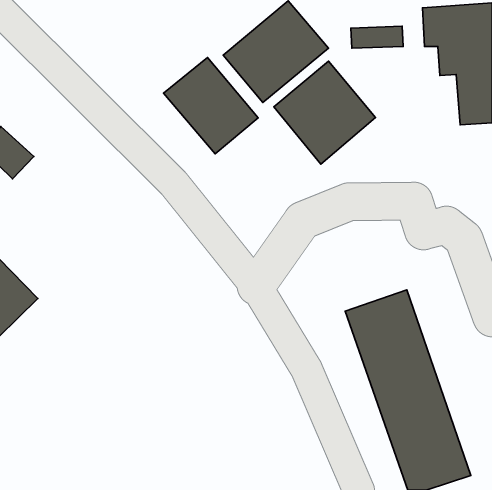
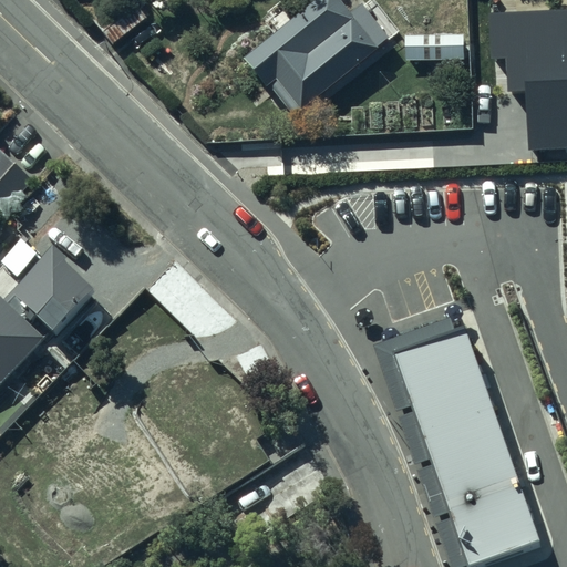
building: [164,57,258,154] -> none
building: [274,61,376,164] -> none
building: none -> [13,247,101,334]

